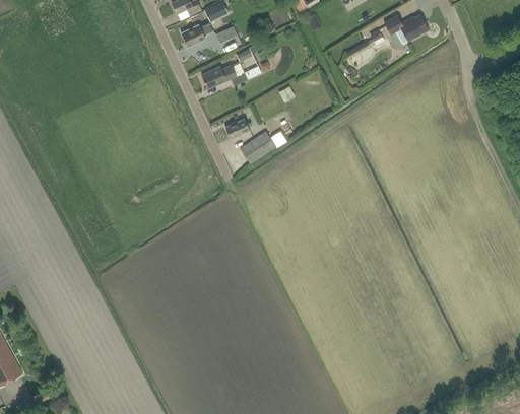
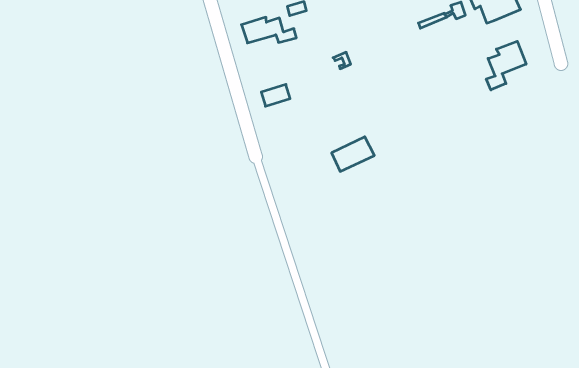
building: none -> [486,41,526,90]
building: [241,131,276,162] -> [332,137,374,171]

